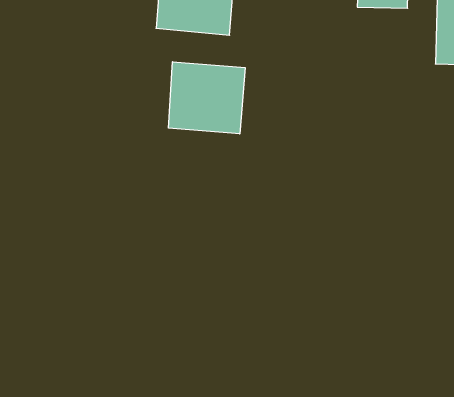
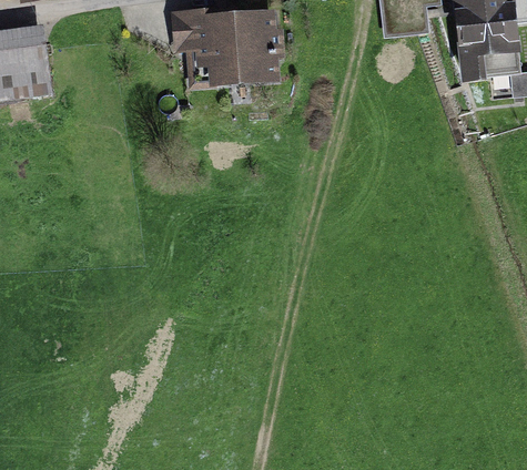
building: [169,62,245,134] -> none

